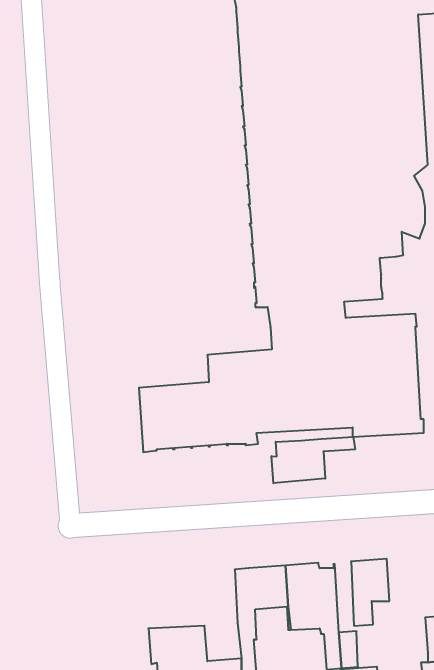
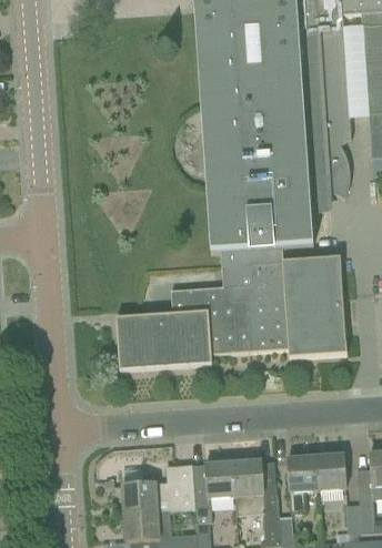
building: [272,437,355,483] -> none
building: none -> [316,453,345,489]
building: none -> [121,463,195,511]

